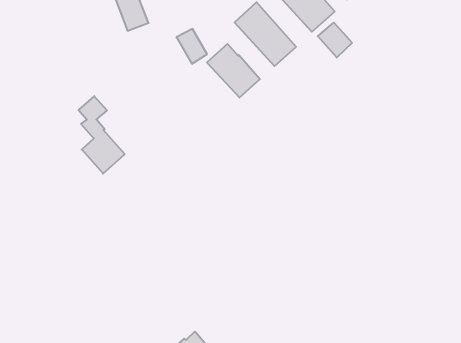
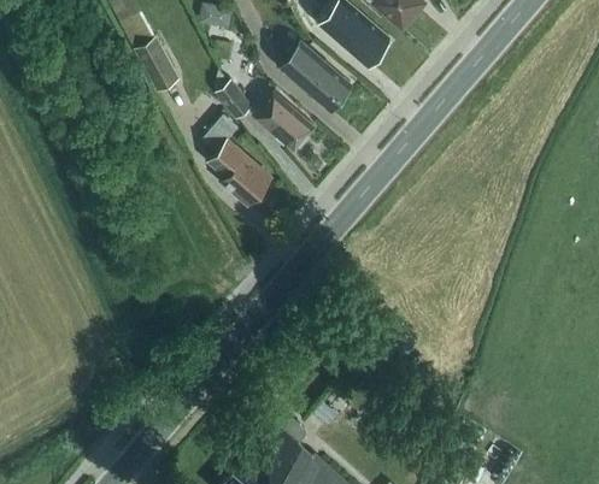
building: [318,23,352,58] -> none
building: [79,96,125,174] -> [212,117,271,203]

